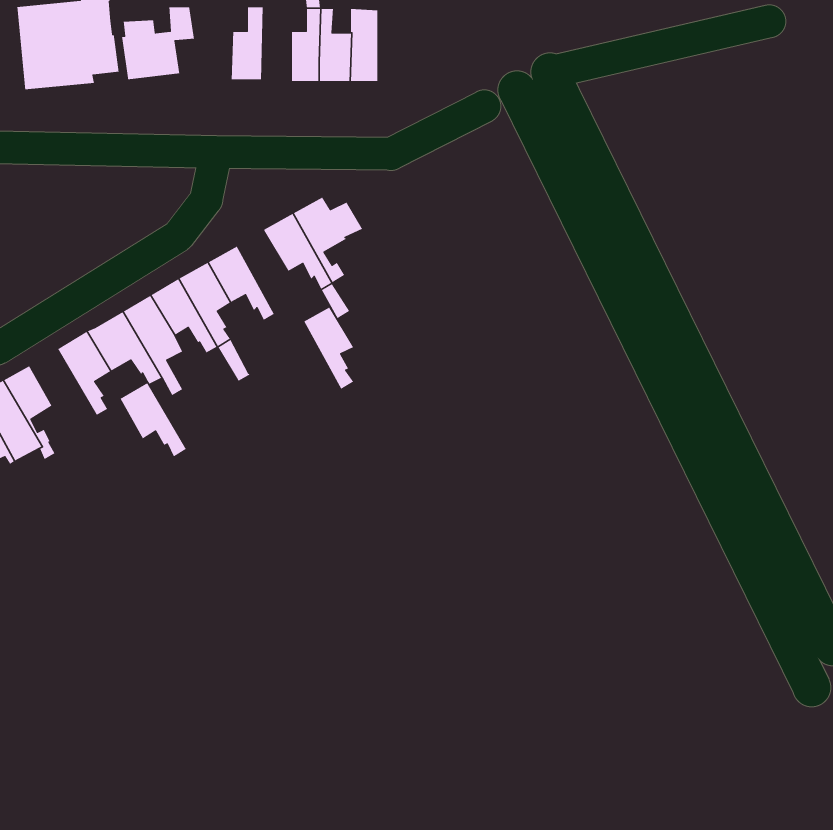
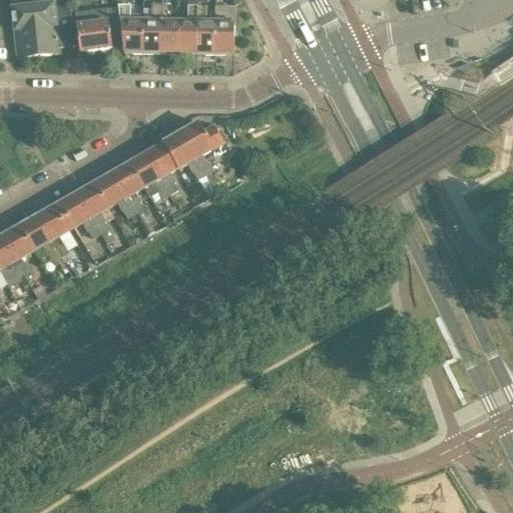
building: none -> [116,4,142,49]
building: none -> [160,4,178,50]
building: [303,306,354,390] -> [145,141,176,192]
building: [120,382,187,457] -> [18,213,59,260]

